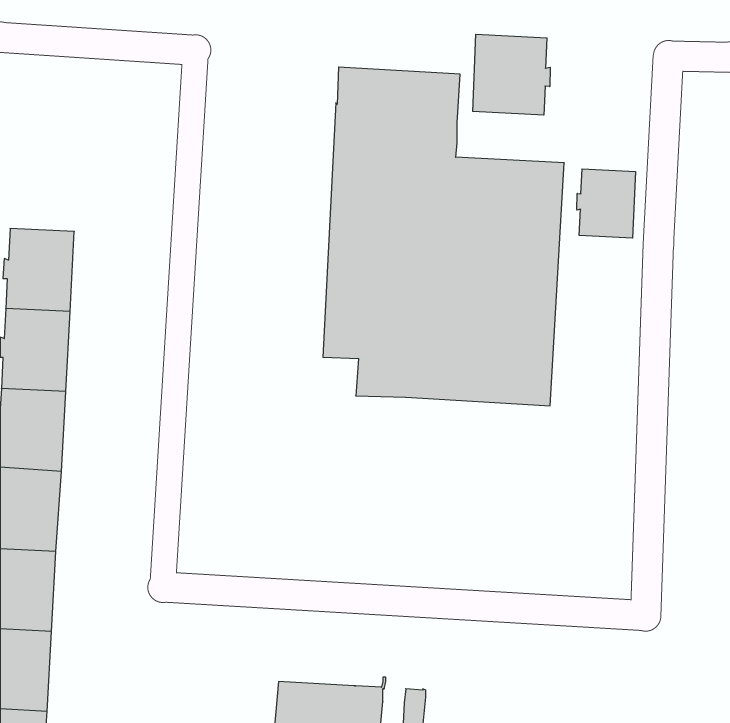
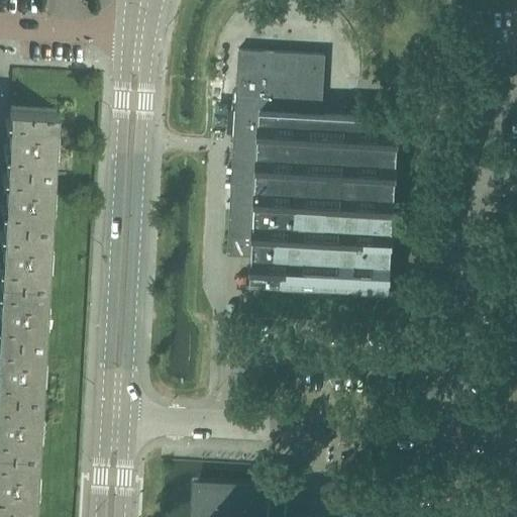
building: [473,34,550,115] -> none
building: none -> [5,109,56,169]
building: [577,169,635,238] -> none

